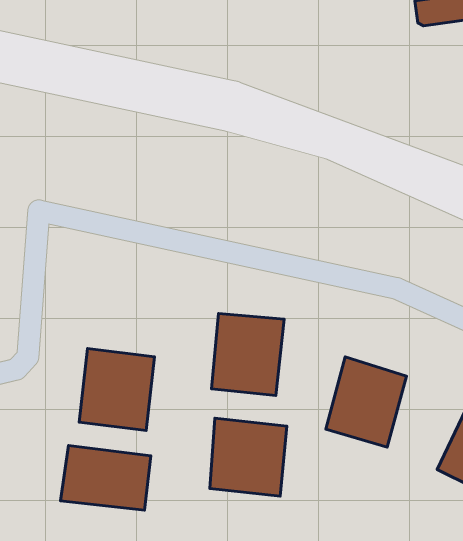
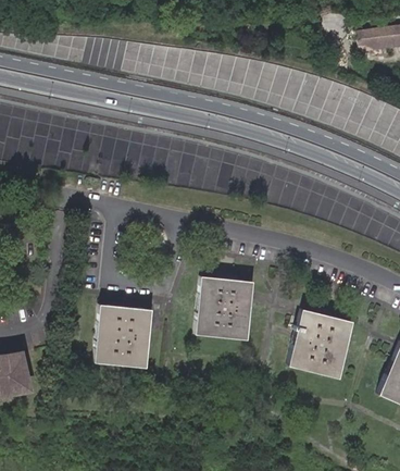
building: [210,418,287,496] -> none
building: [61,446,151,510] -> none

